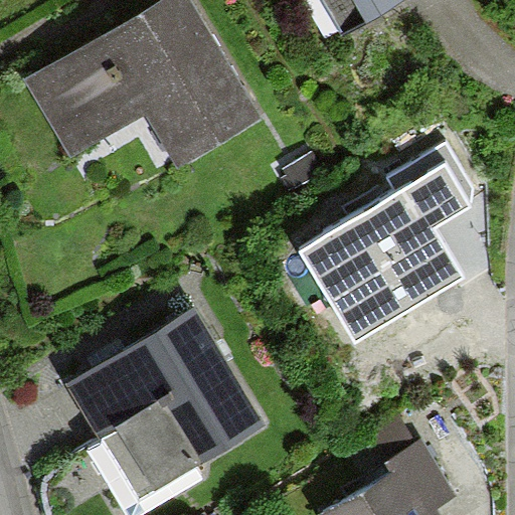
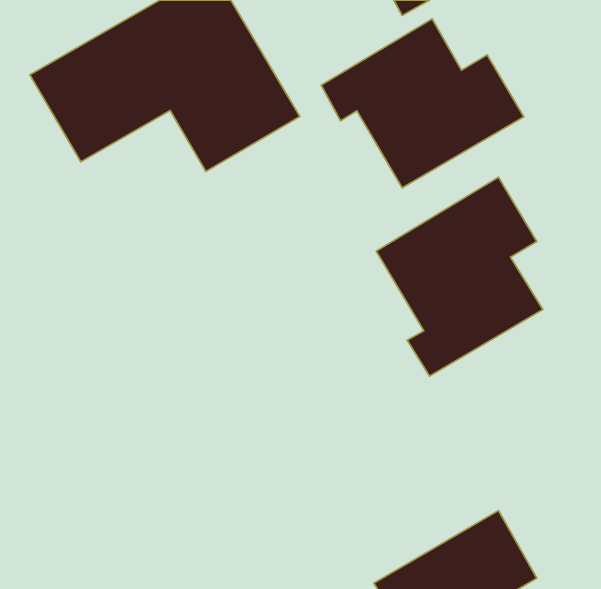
building: none -> [321,19,524,188]
building: [75,319,260,498] -> none

